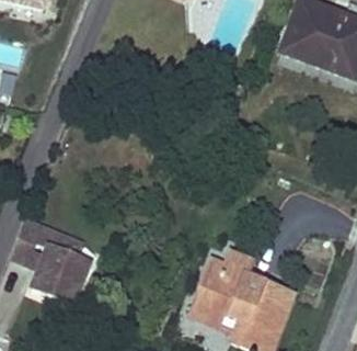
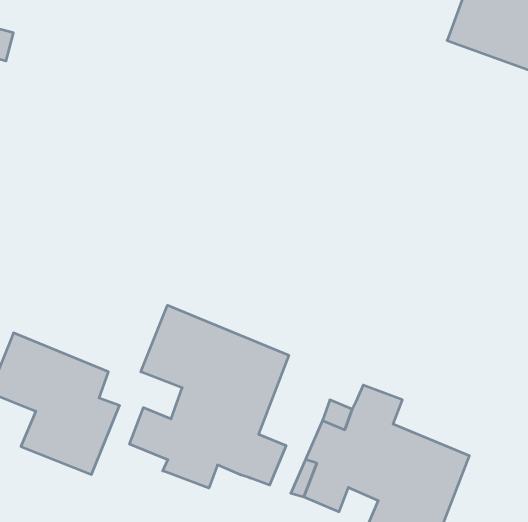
building: none -> [130,305,289,488]

